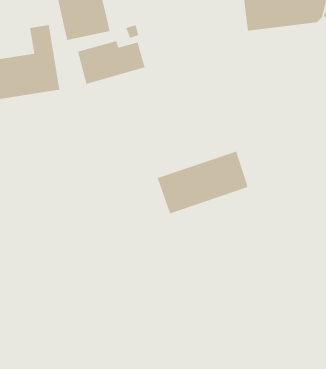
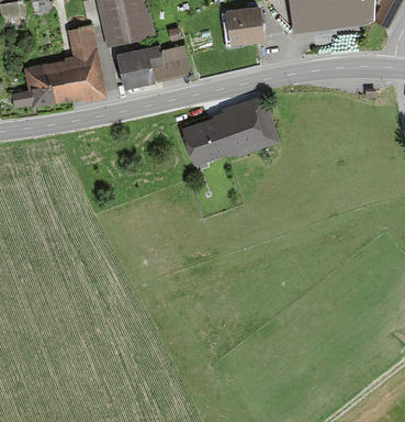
building: none -> [225,8,265,44]
building: [157,151,249,214] -> [181,101,275,166]

